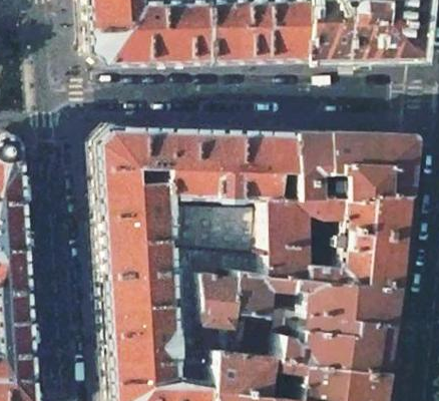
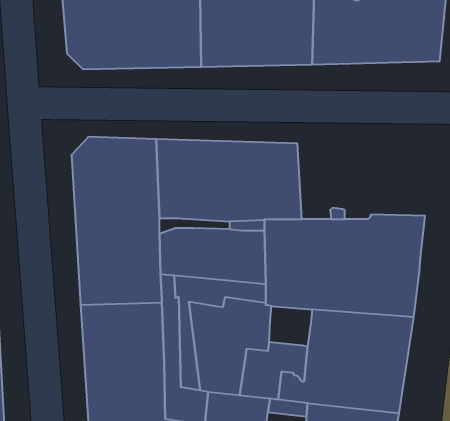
building: [298,131,417,198] -> none
building: [273,276,311,312] -> none

